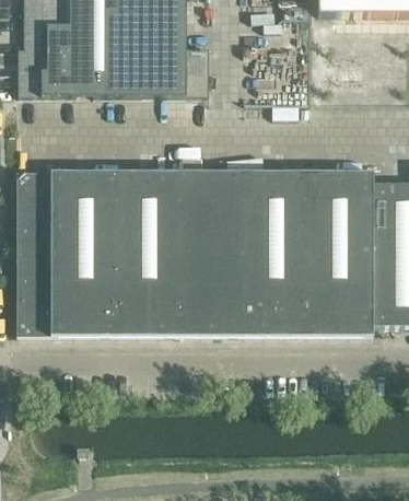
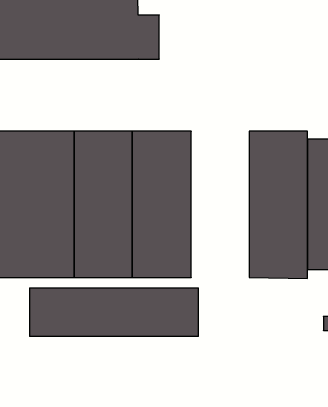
building: [244,173,307,333] -> none
building: none -> [30,288,198,336]

